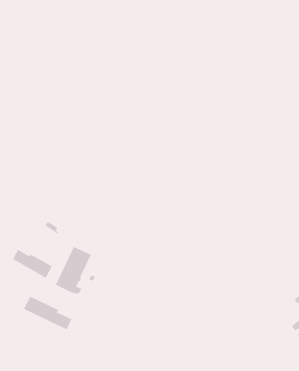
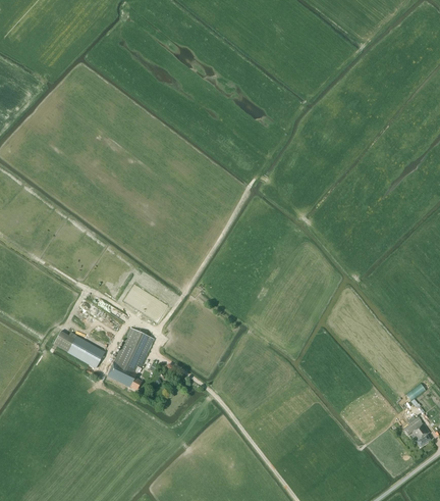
building: [23,296,72,330] -> none

